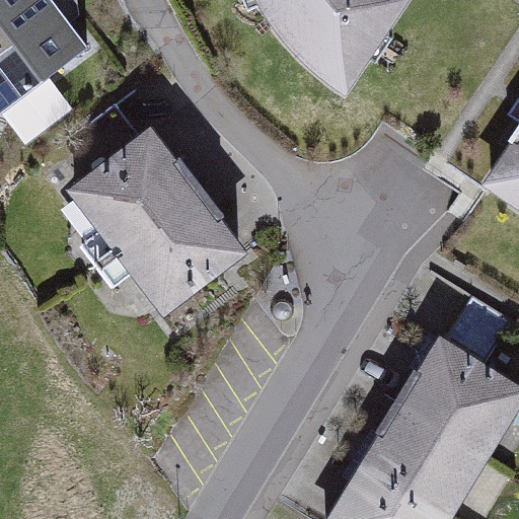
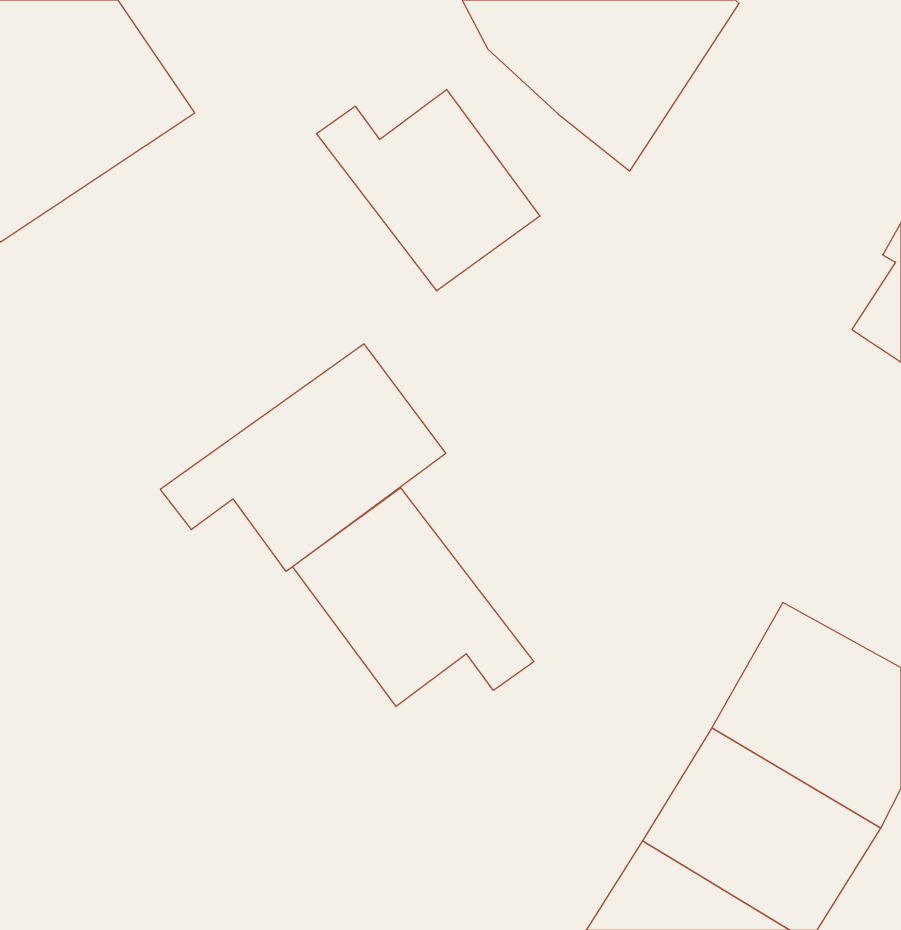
building: none -> [317,89,540,291]
building: [66,126,203,273] -> none
building: none -> [293,488,534,707]

